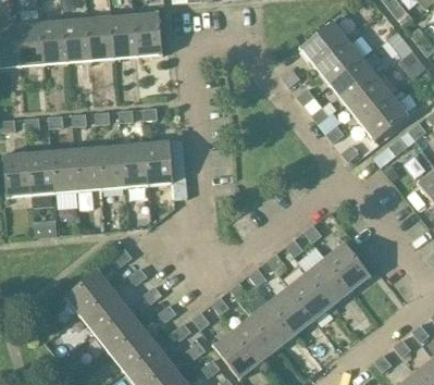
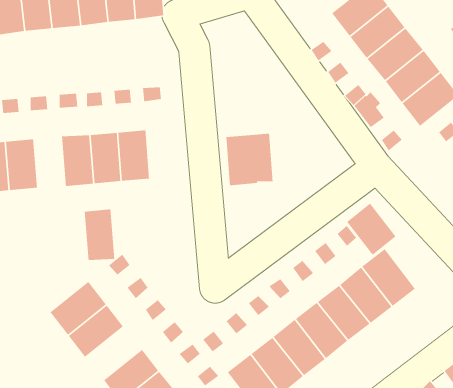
building: [146,140,186,185] -> [225,133,274,186]
building: [52,149,78,192] -> [84,209,115,261]
building: none -> [346,202,397,256]
building: [95,308,142,352] -> none

